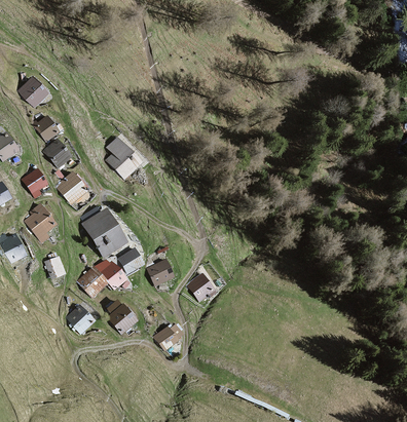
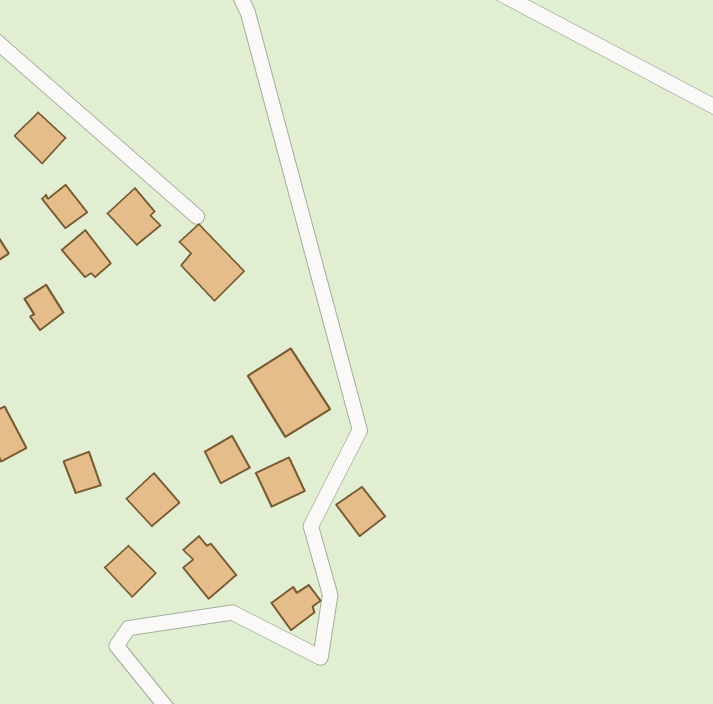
building: [57,172,84,202] -> [107,188,160,245]
building: [26,204,56,241] -> none
building: [83,209,126,256] -> [248,349,330,437]
building: [100,257,126,287] -> none

